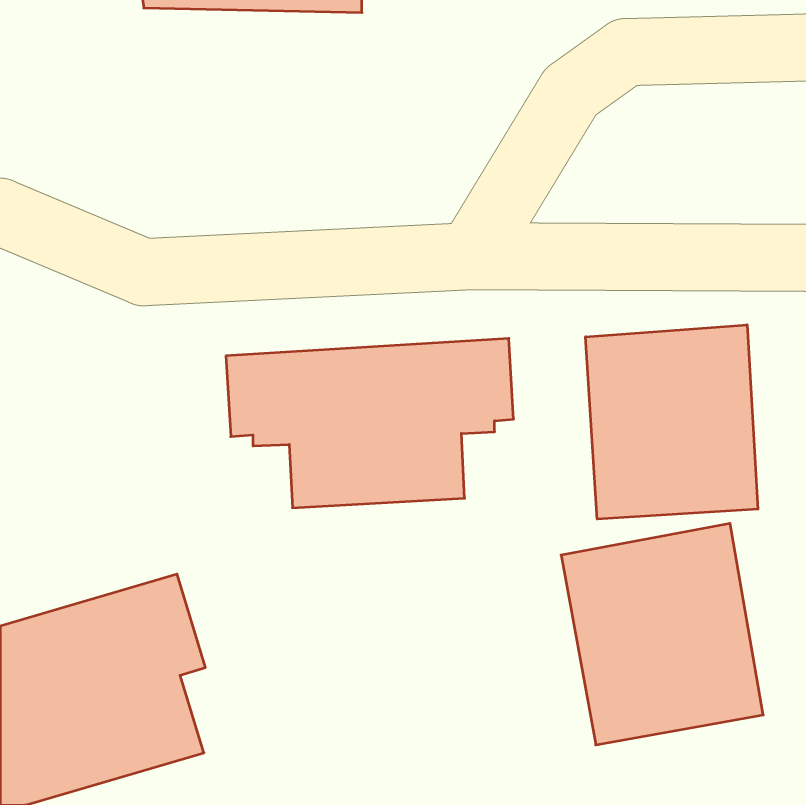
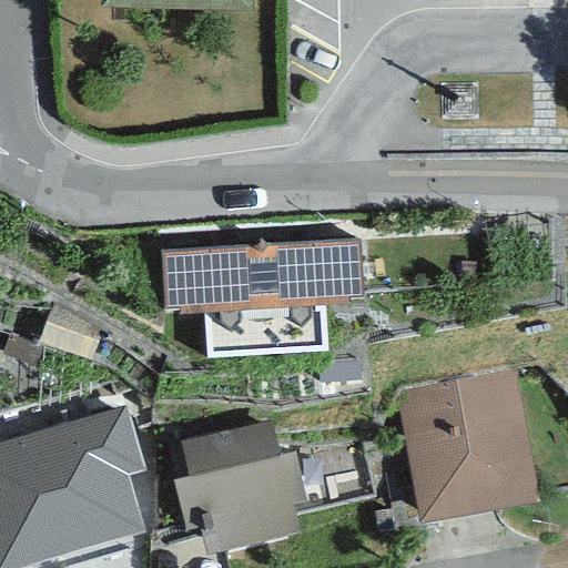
building: [586,325,758,519] -> none
building: none -> [174,420,307,554]

